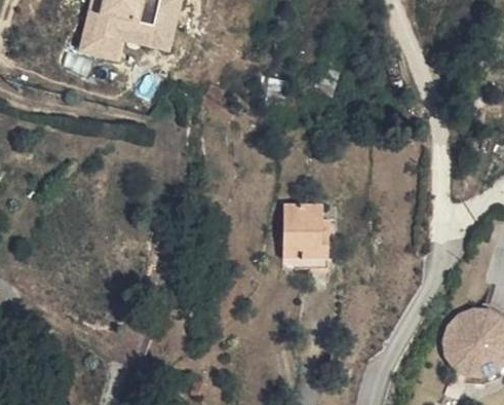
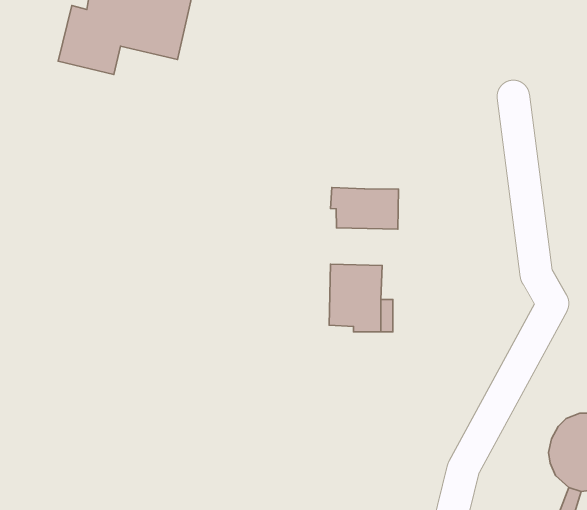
building: none -> [331,187,398,229]

